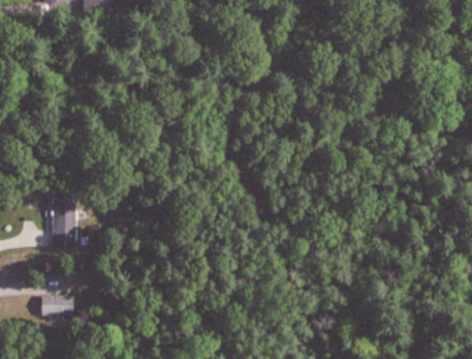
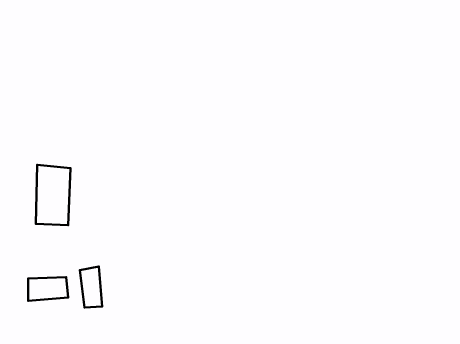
building: none -> [80,267,102,307]

